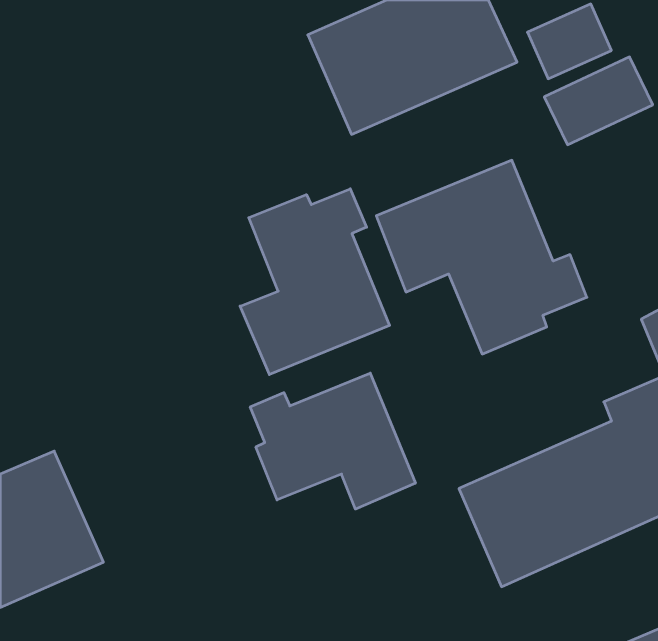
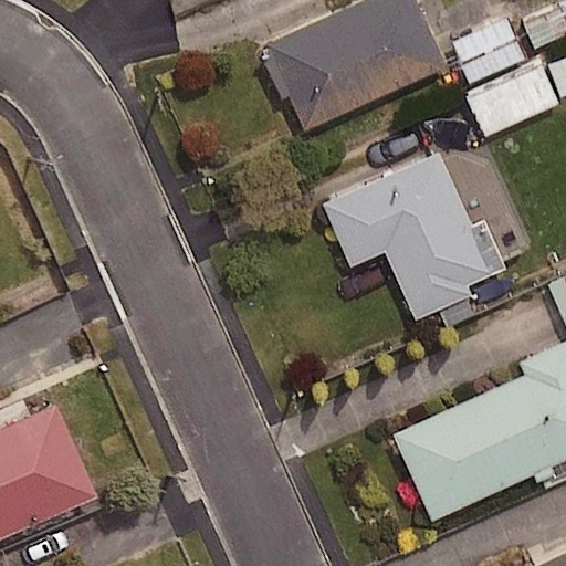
building: [240,189,390,375] -> none
building: [250,373,415,509] -> none

